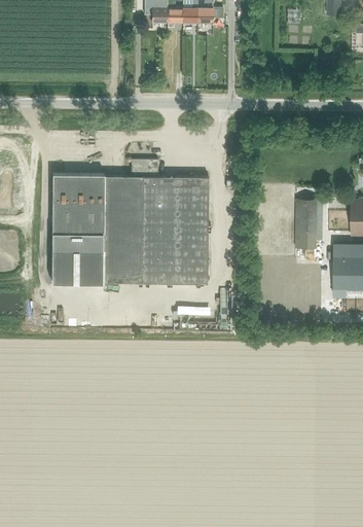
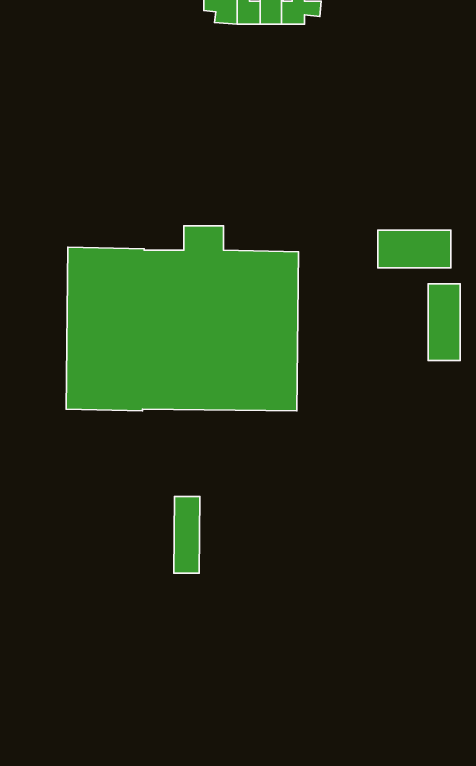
building: none -> [378,230,451,268]
building: none -> [174,496,200,573]

